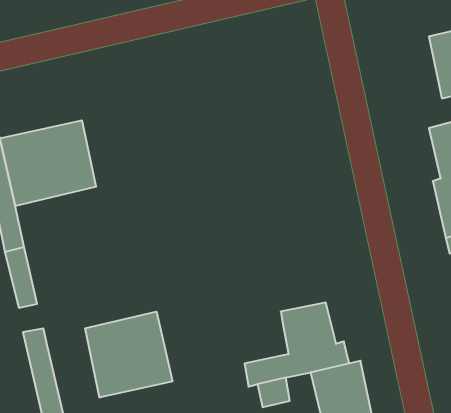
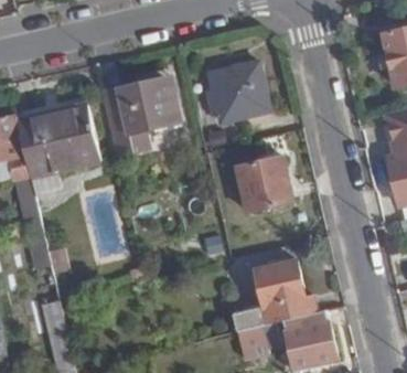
building: none -> [207,63,269,121]
building: none -> [103,78,181,156]
building: none -> [239,157,293,212]
building: [85,312,172,398] -> none

